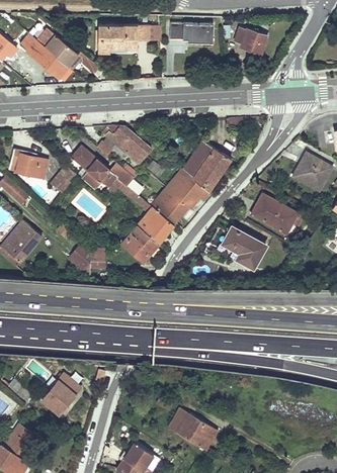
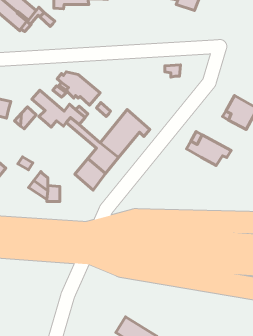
building: [182,141,231,192] -> none
building: [222,226,265,268] -> none
building: [41,374,79,413] -> none

